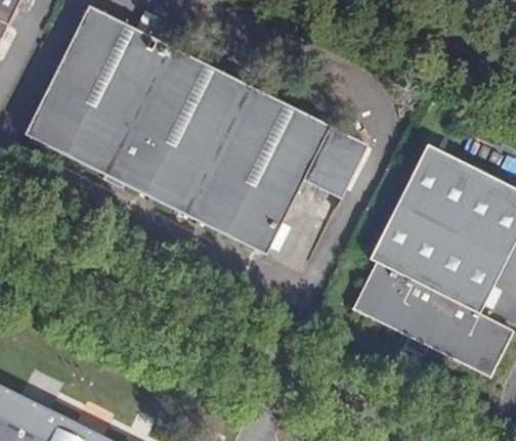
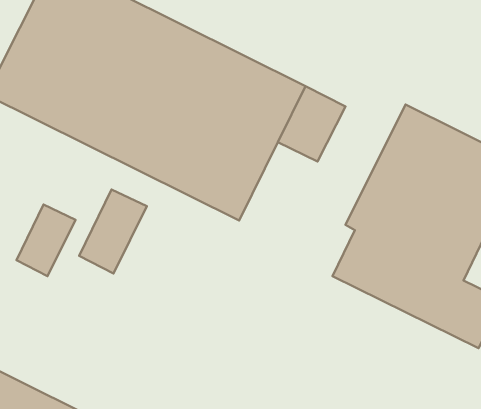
building: none -> [79,189,147,273]
building: none -> [17,205,75,276]

